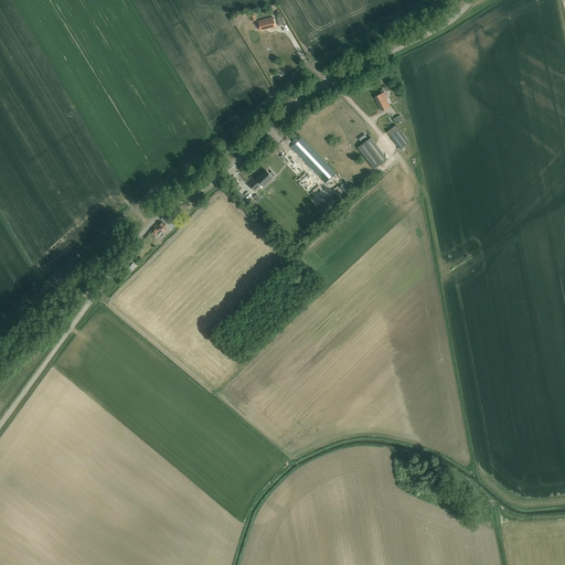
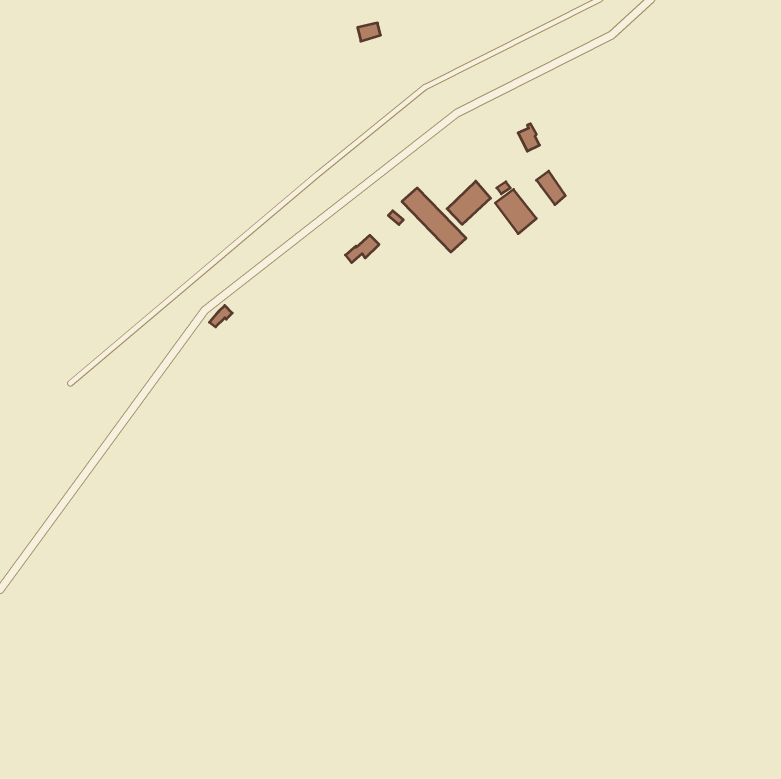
building: none -> [447,181,491,224]

